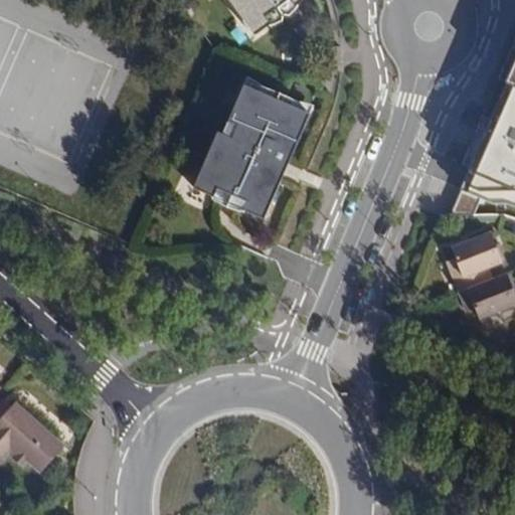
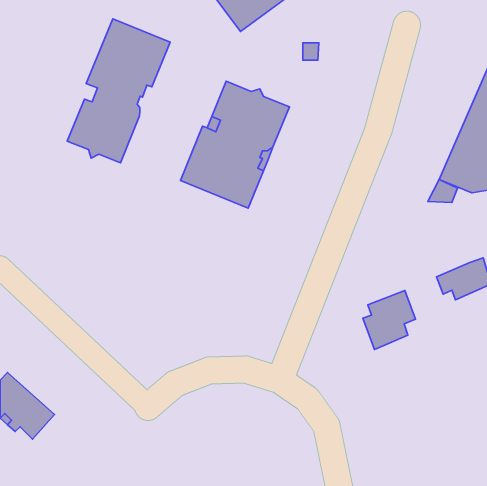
building: none -> [67,19,170,163]
building: [449,229,504,292] -> [363,290,415,350]

